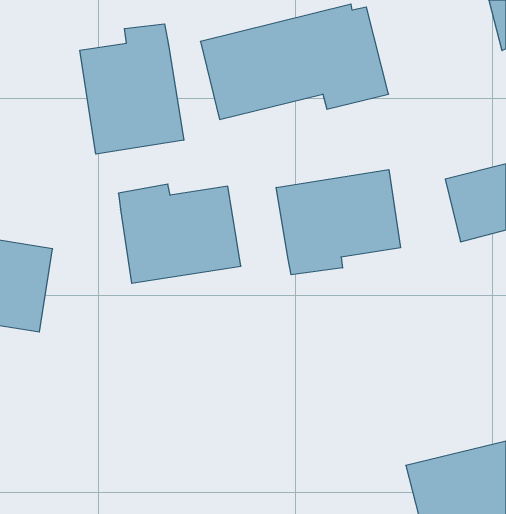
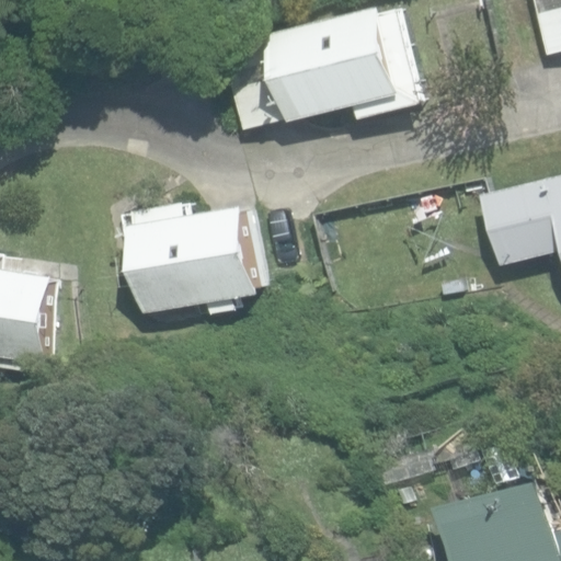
building: [80,24,184,154] -> none
building: [276,170,400,275] -> none

